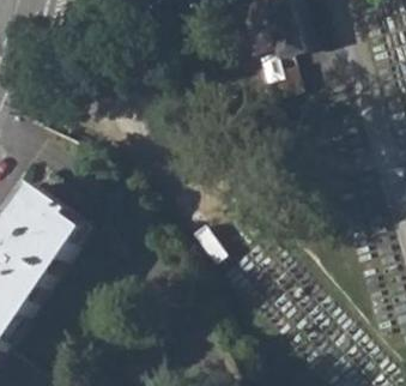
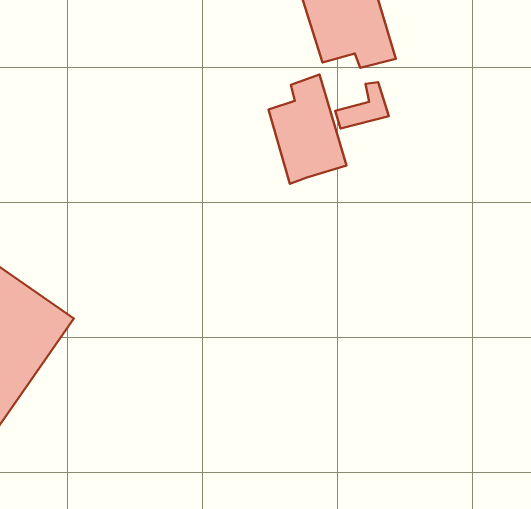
building: none -> [269,75,347,184]

